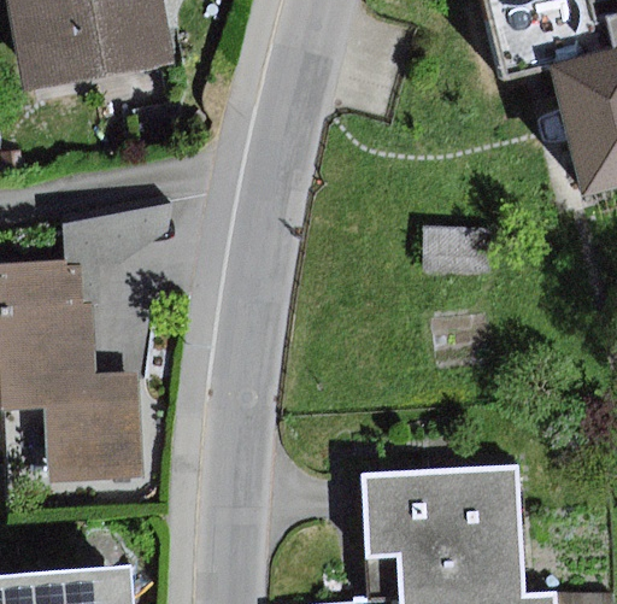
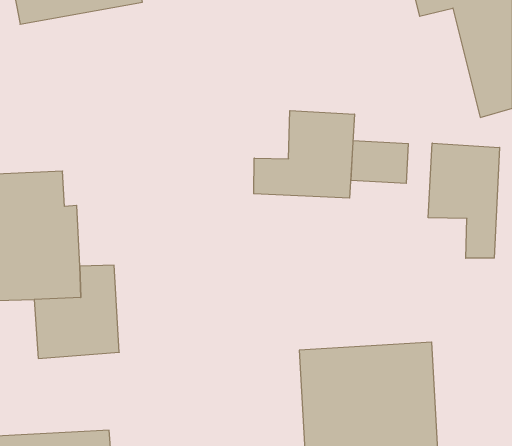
building: none -> [254,111,354,198]
building: none -> [428,143,500,258]

